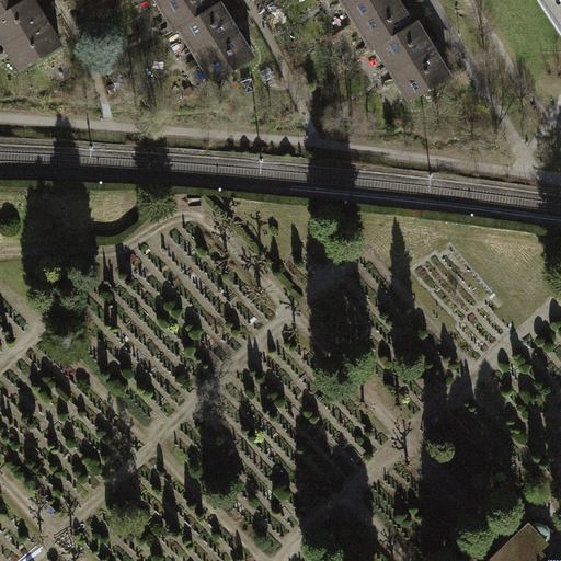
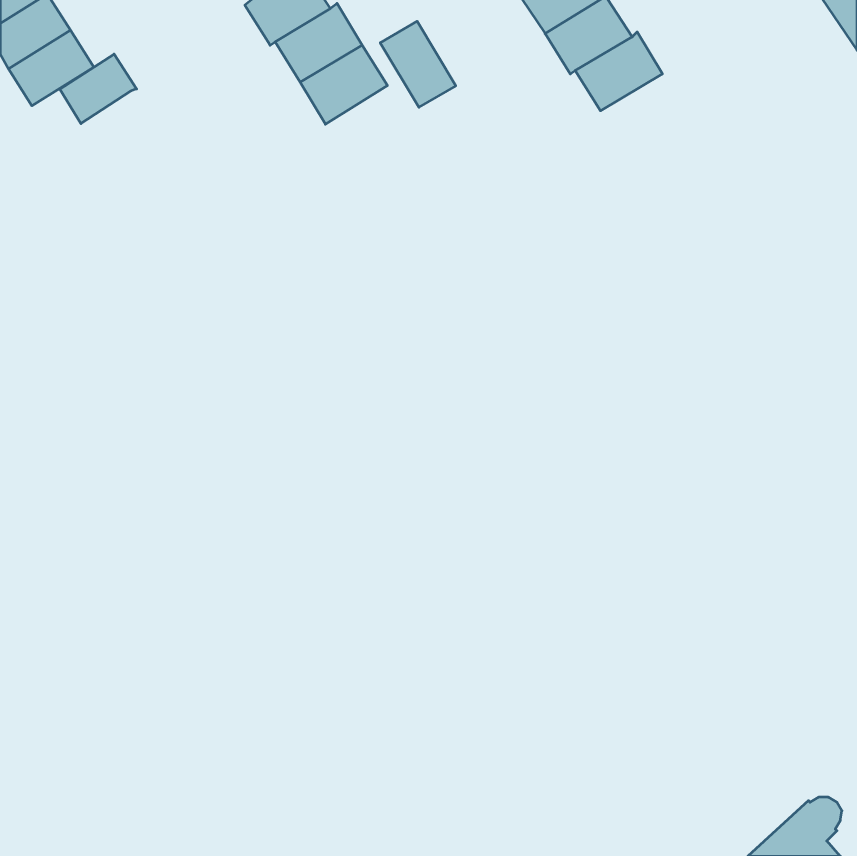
building: none -> [380,21,456,107]
building: none -> [60,54,137,124]
building: [392,48,450,101] -> none

